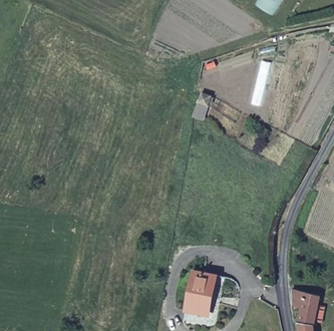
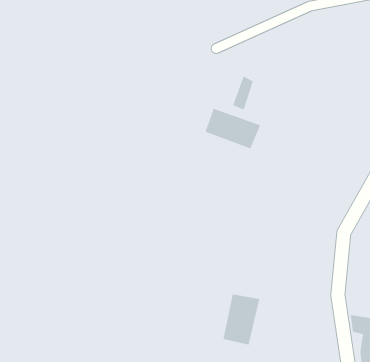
building: none -> [204,108,261,150]

